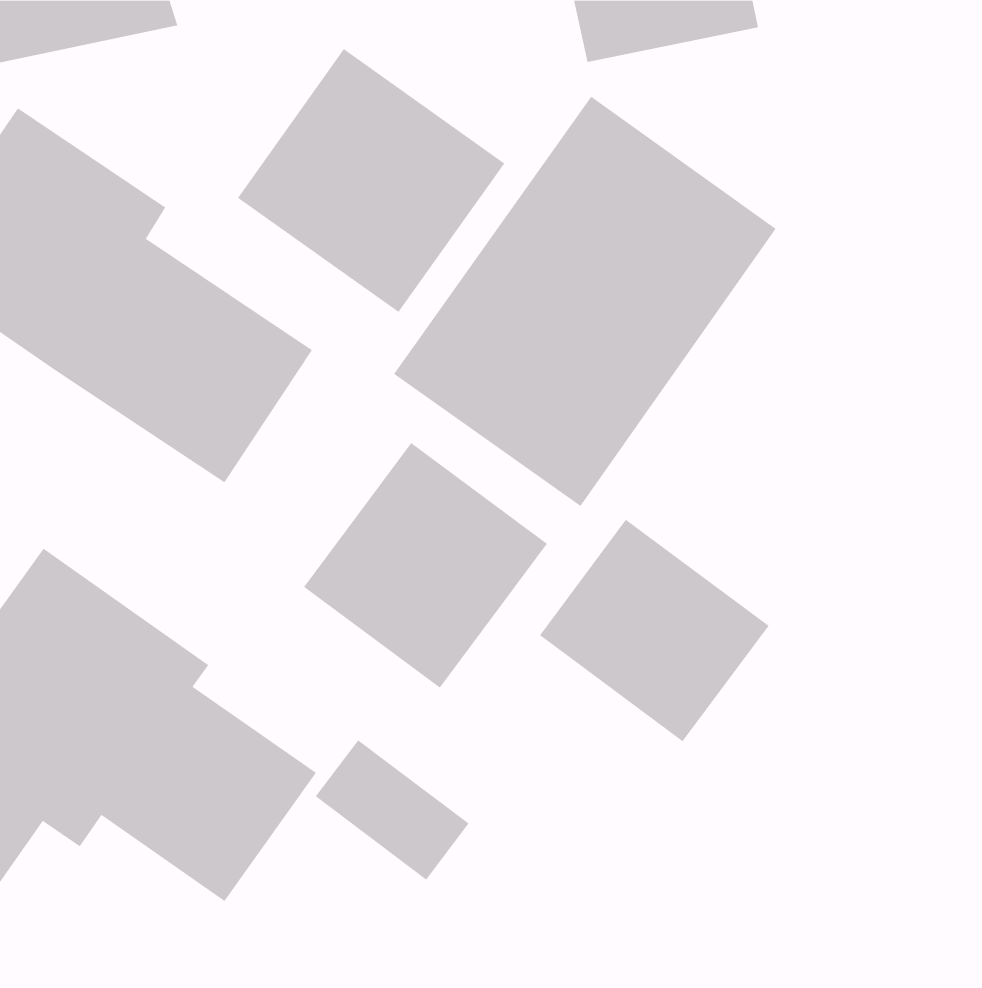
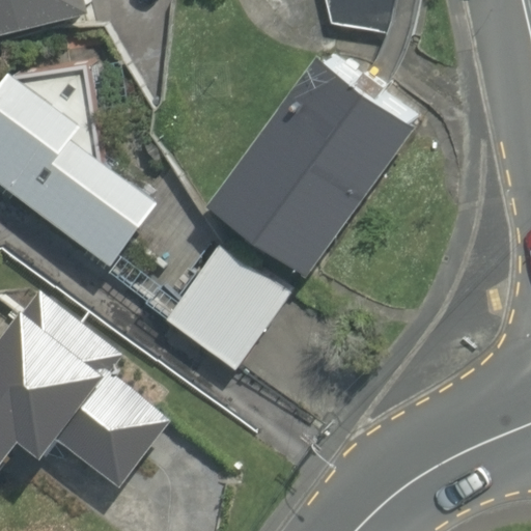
building: [237,48,505,313] -> none
building: [539,519,769,742] -> none

